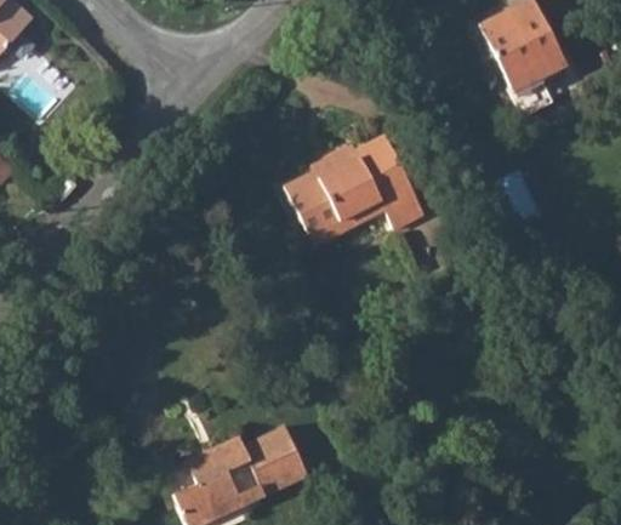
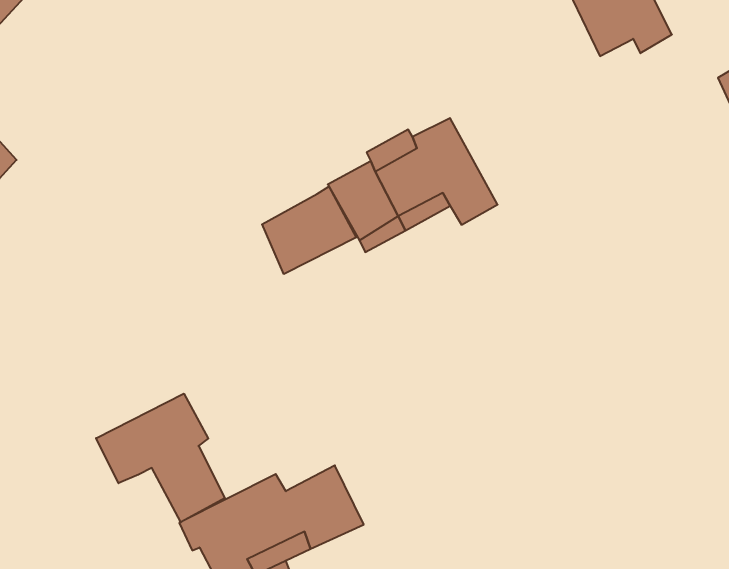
building: none -> [262,186,356,274]
building: none -> [96,394,225,522]

